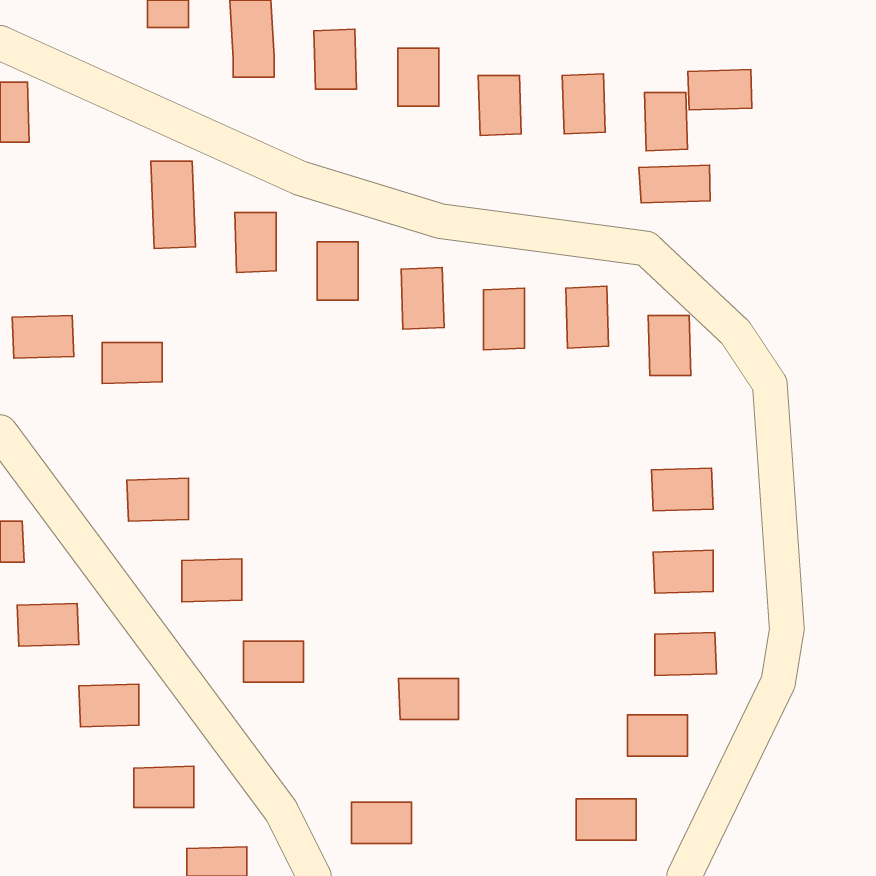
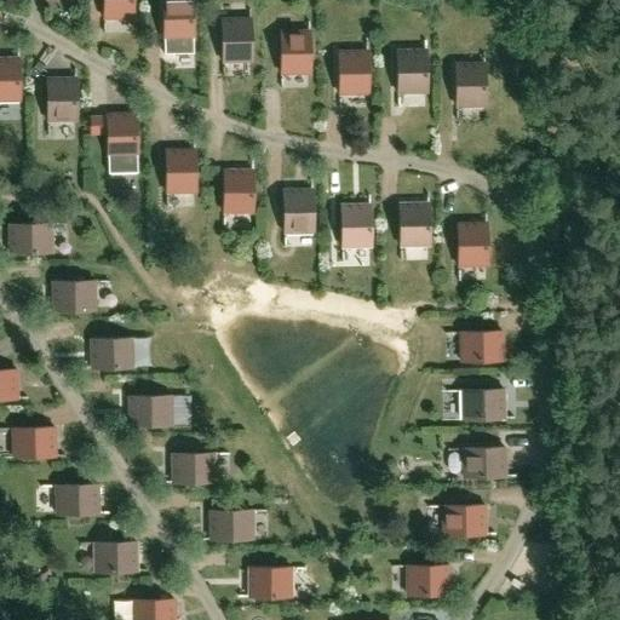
building: [688,69,752,110] -> none
building: none -> [47,79,76,121]
building: [639,165,710,203] -> none
building: [102,342,162,384] -> [52,281,94,310]
building: [399,678,459,720] -> [209,510,252,539]

